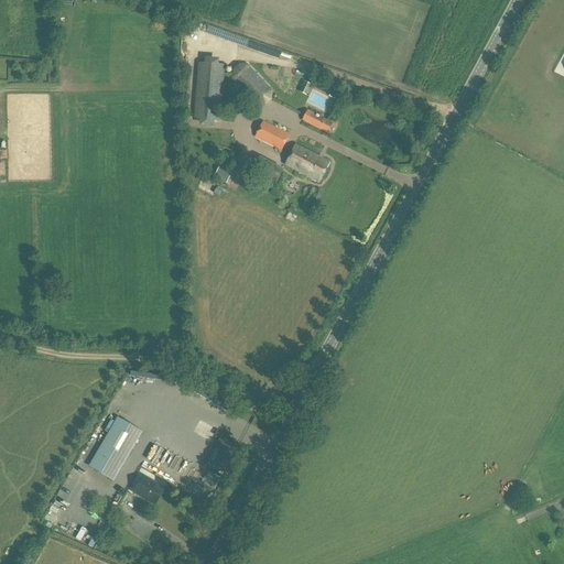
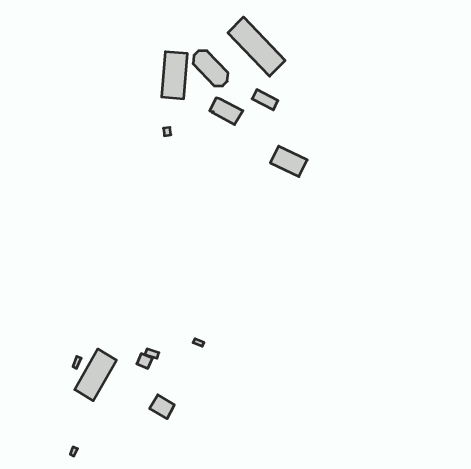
building: none -> [228,17,285,76]
building: [284,143,328,180] -> [270,146,307,177]
building: [133,474,163,502] -> [150,395,174,419]

